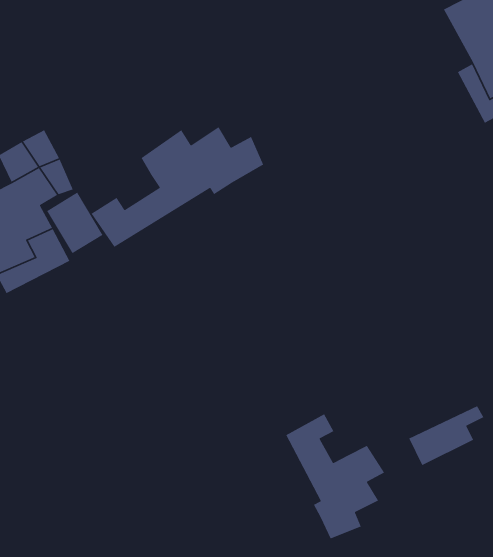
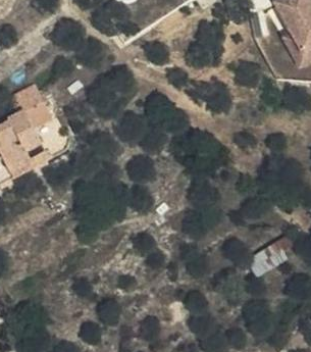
building: [91,126,264,248] -> none
building: [285,413,385,539] -> none

